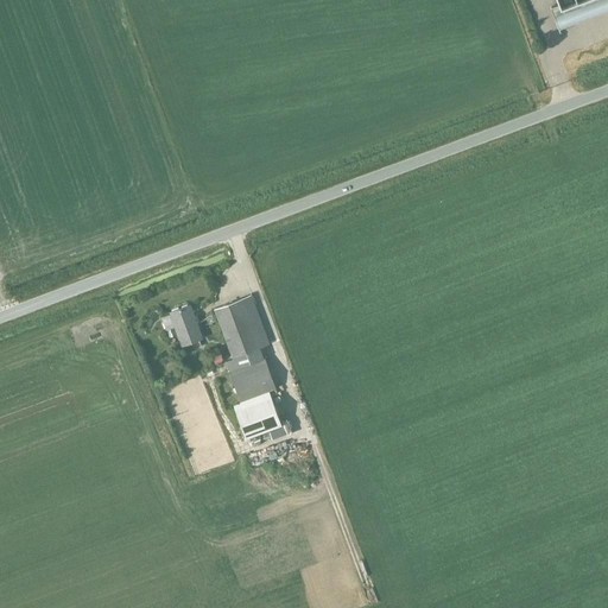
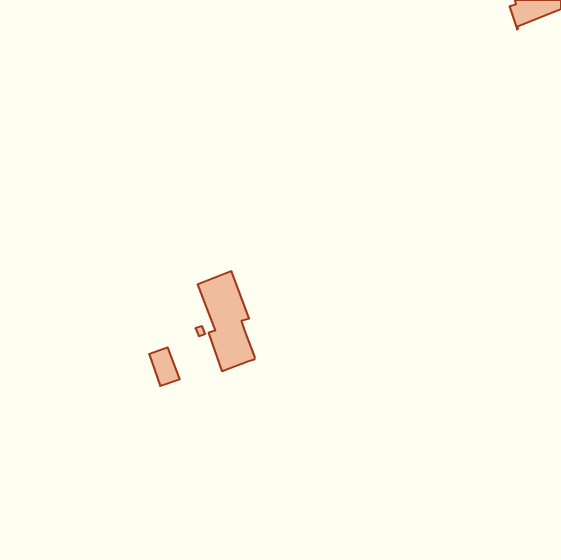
building: [170,305,203,347] -> [149,347,180,386]
building: [233,392,281,439] -> none

